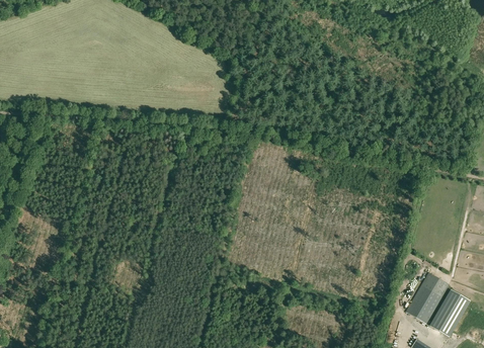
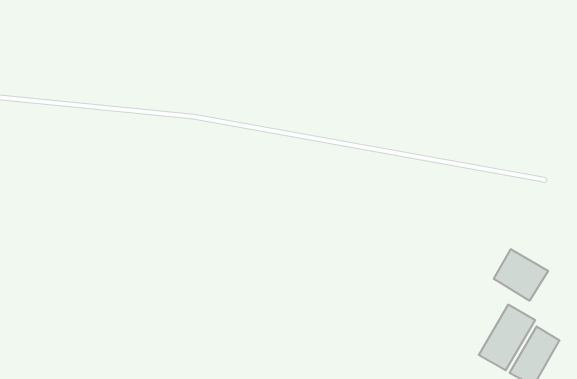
building: none -> [494,249,548,301]

